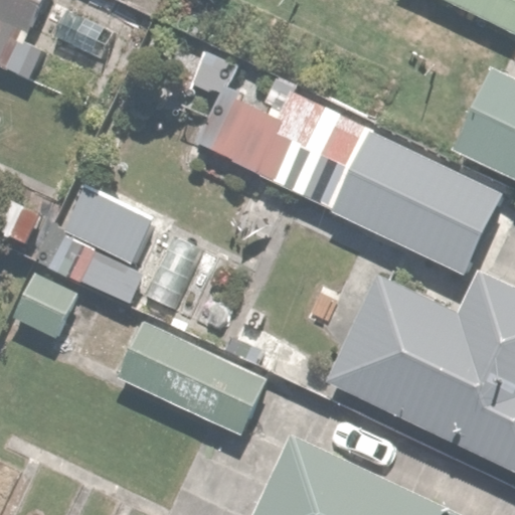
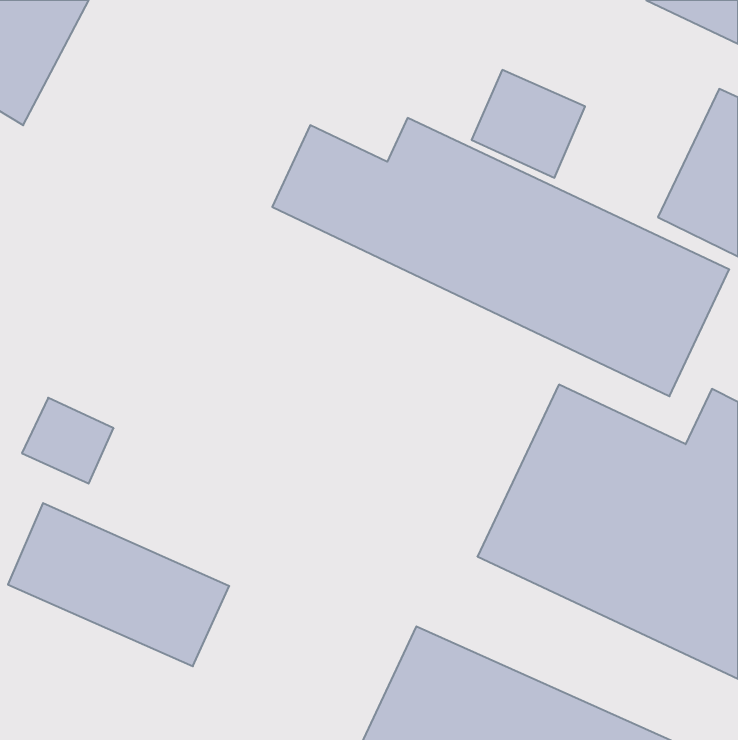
building: [39,184,179,309] -> none
building: [119,321,272,434] -> [8,503,229,666]

